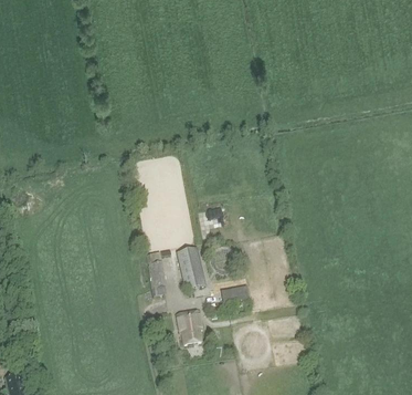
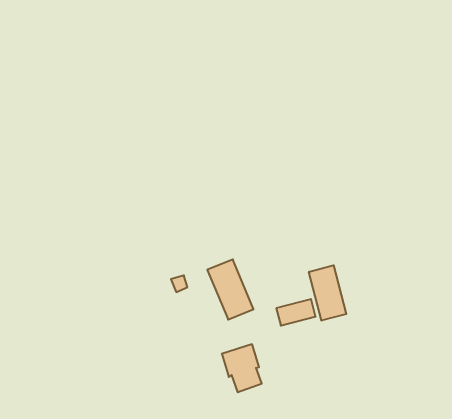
building: none -> [309,265,346,321]

